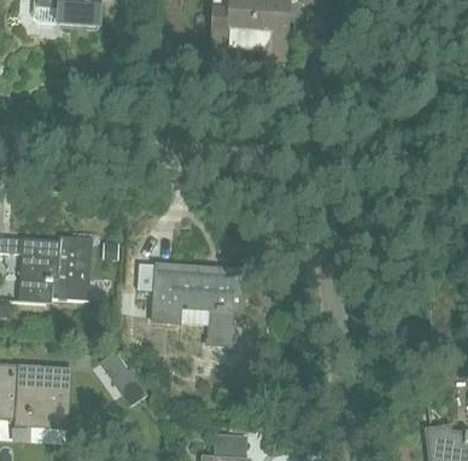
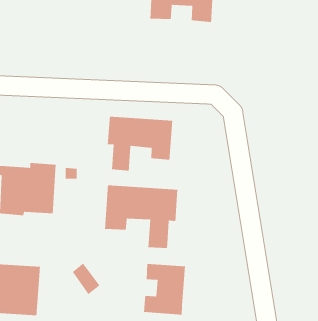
building: none -> [107,116,173,172]
building: none -> [143,263,186,315]

